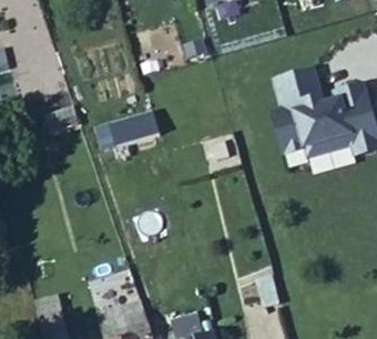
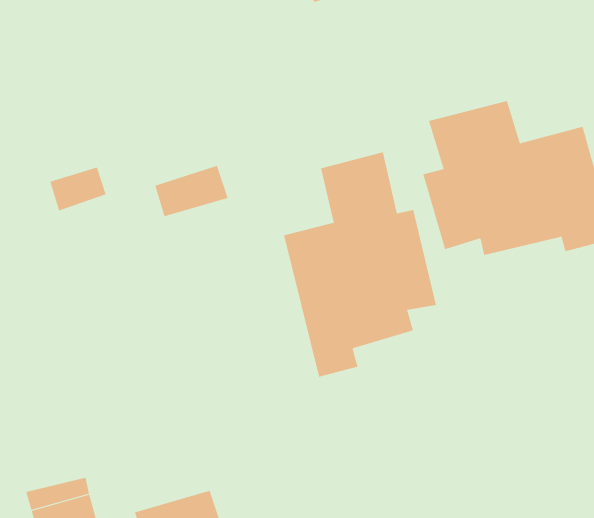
building: none -> [283,151,437,377]

